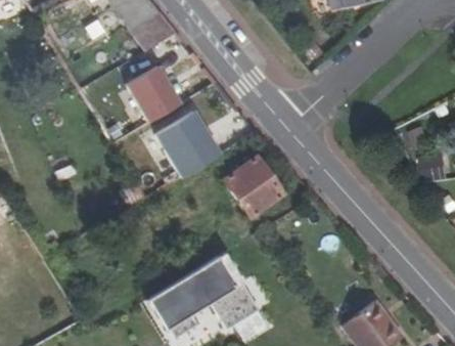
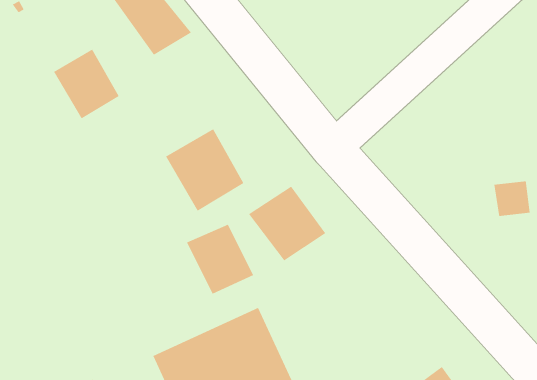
building: [125,64,178,121] -> [53,49,119,119]
building: none -> [186,224,254,294]

